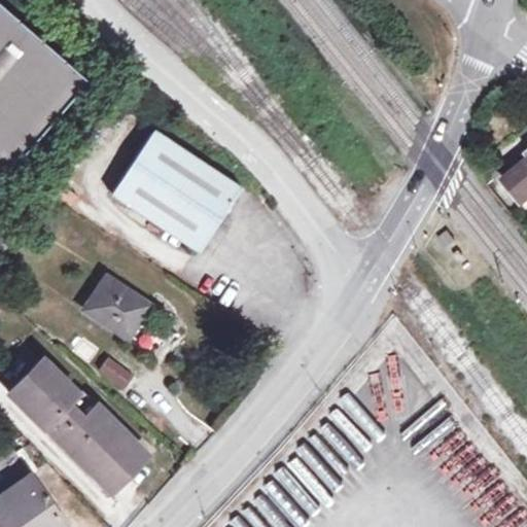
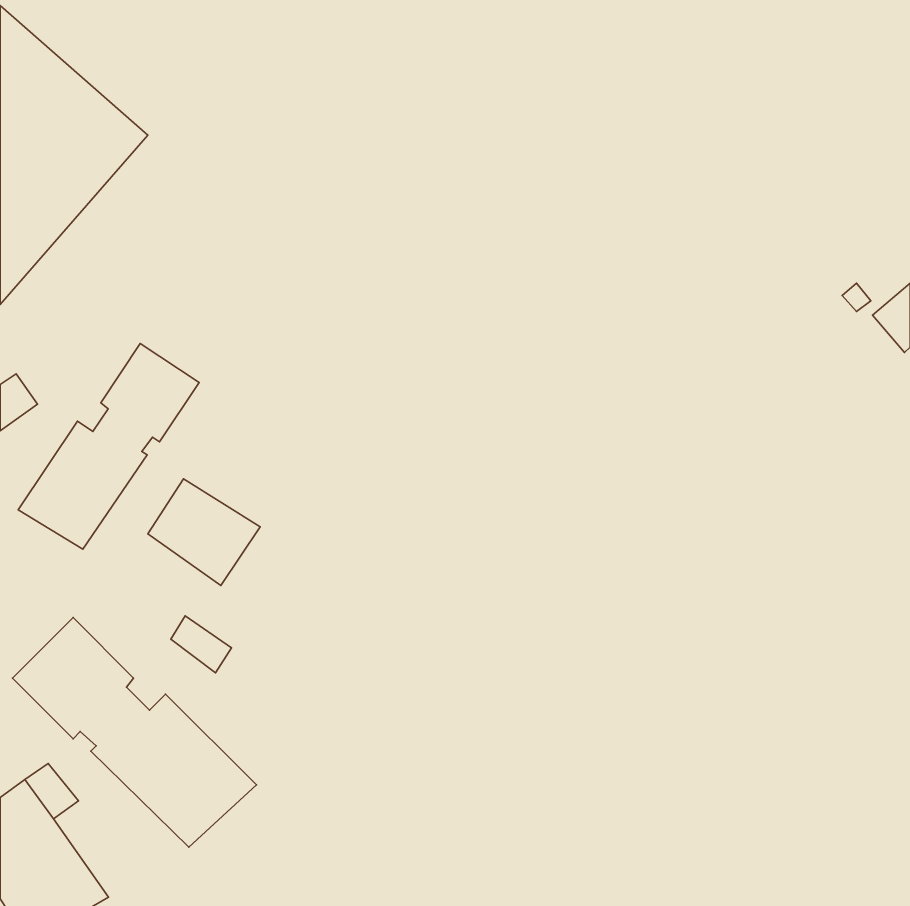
building: [111,129,240,250] -> none
building: none -> [18,344,199,549]

